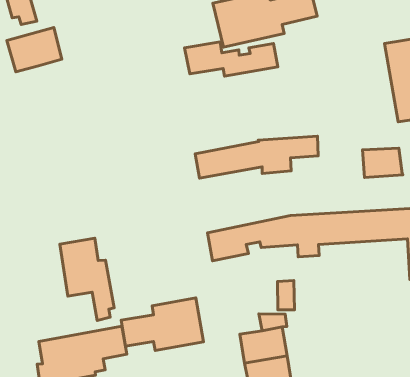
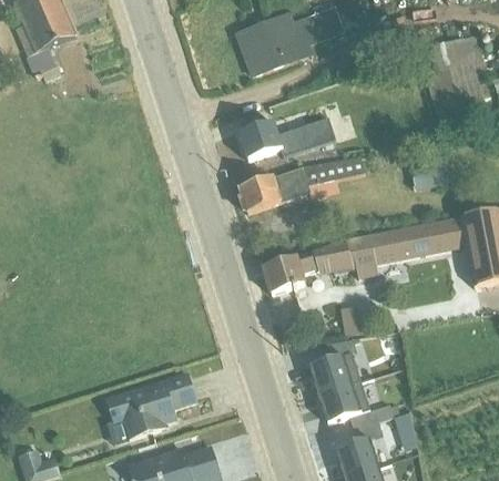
building: [7,27,62,72] -> none
building: [184,42,278,76] -> [238,116,336,158]
building: [60,238,114,321] -> none
building: [121,298,203,351] -> none

